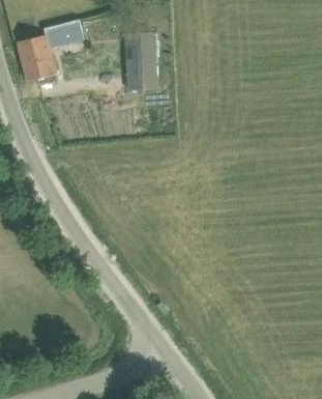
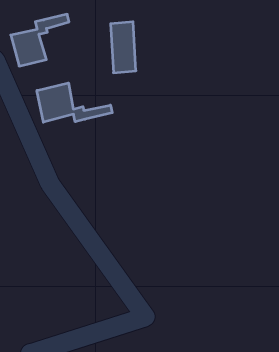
building: none -> [37,83,112,122]

